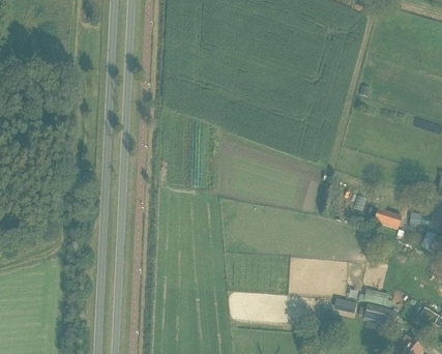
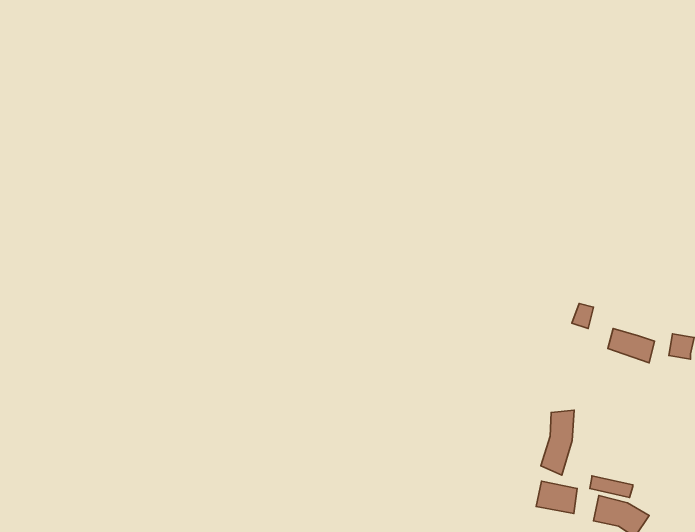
building: none -> [541,410,574,475]

